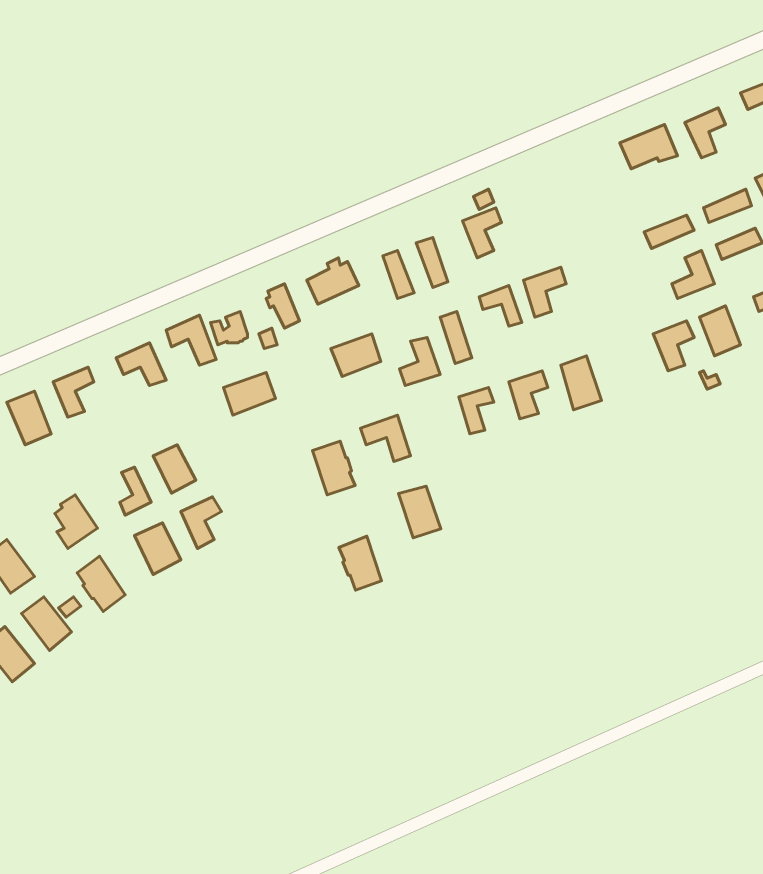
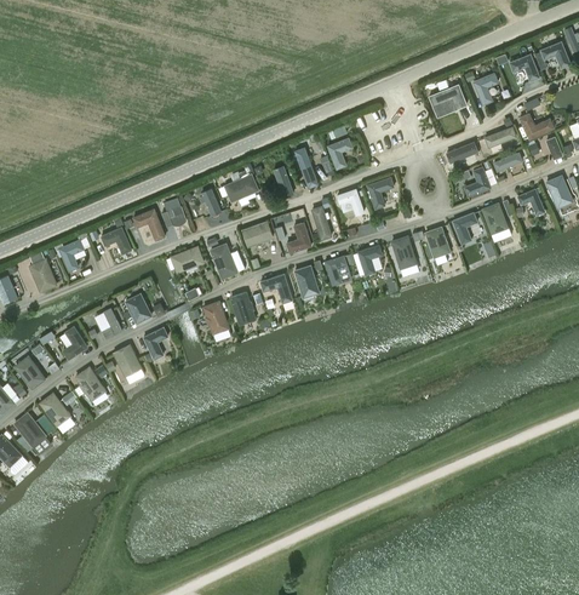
building: none -> [424,227,452,259]
building: none -> [210,242,239,280]
building: [398,486,441,538] -> [293,265,321,299]
building: [339,536,382,590] -> [202,301,230,336]

